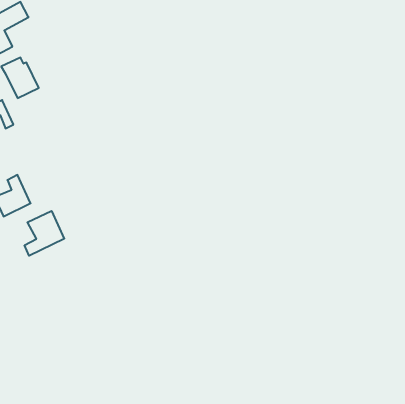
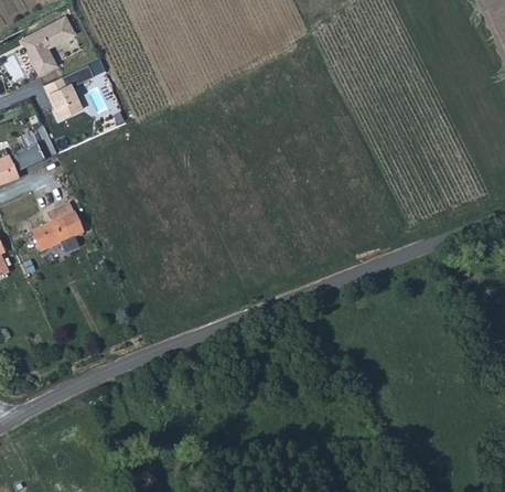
building: [25,211,64,256] -> none

